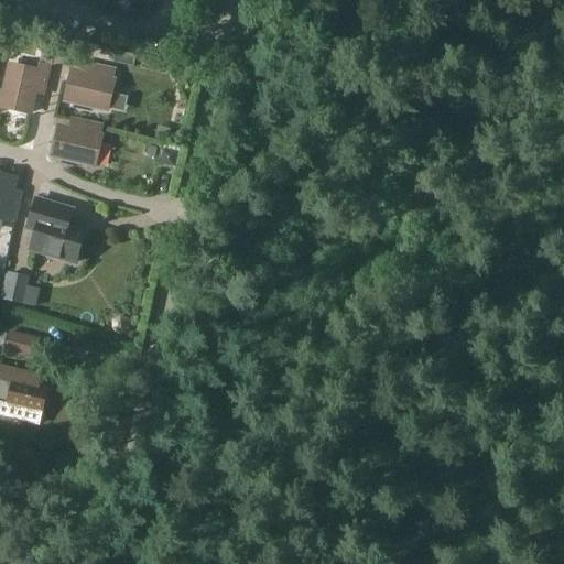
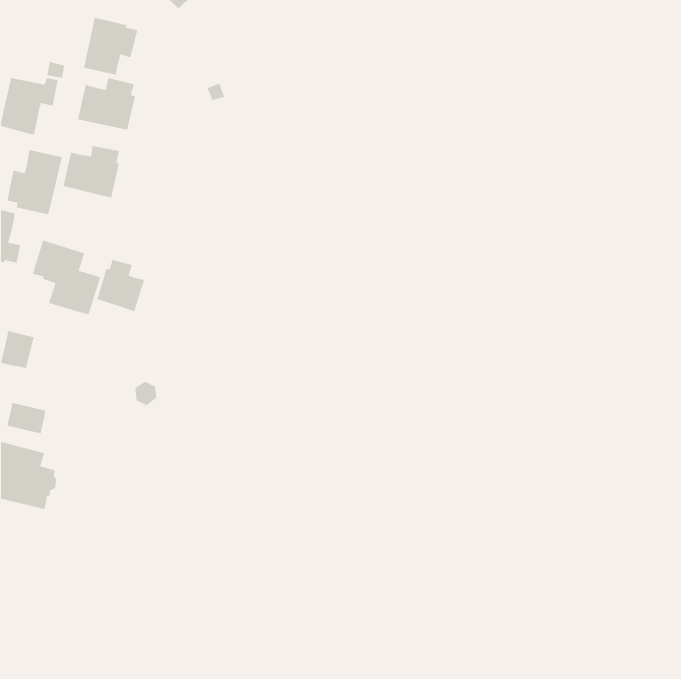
building: none -> [83,17,138,76]
building: none -> [6,149,63,215]
building: none -> [96,259,145,312]

